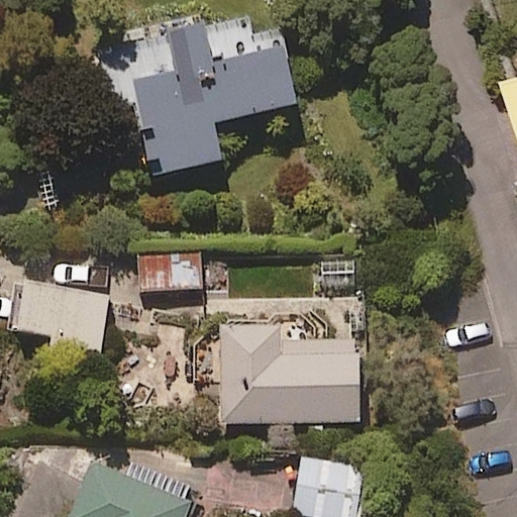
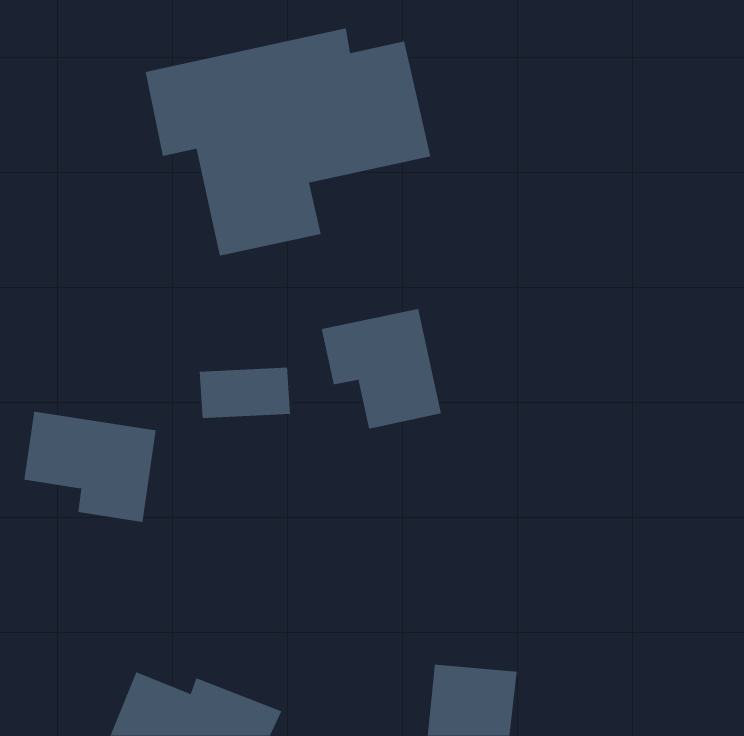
building: none -> [321,308,441,429]
building: [219,327,360,449] -> none

